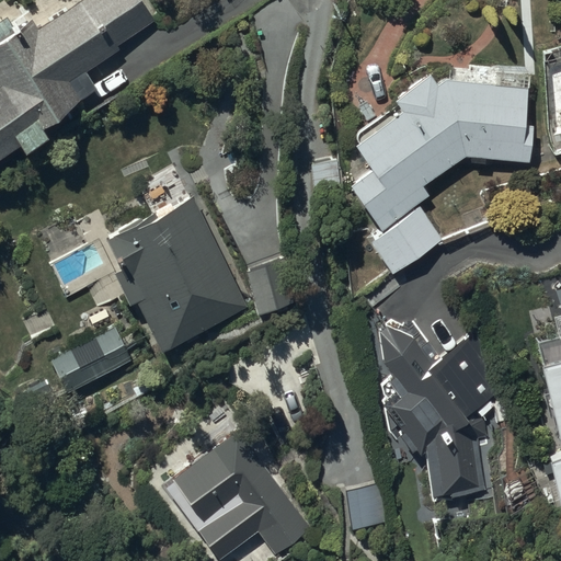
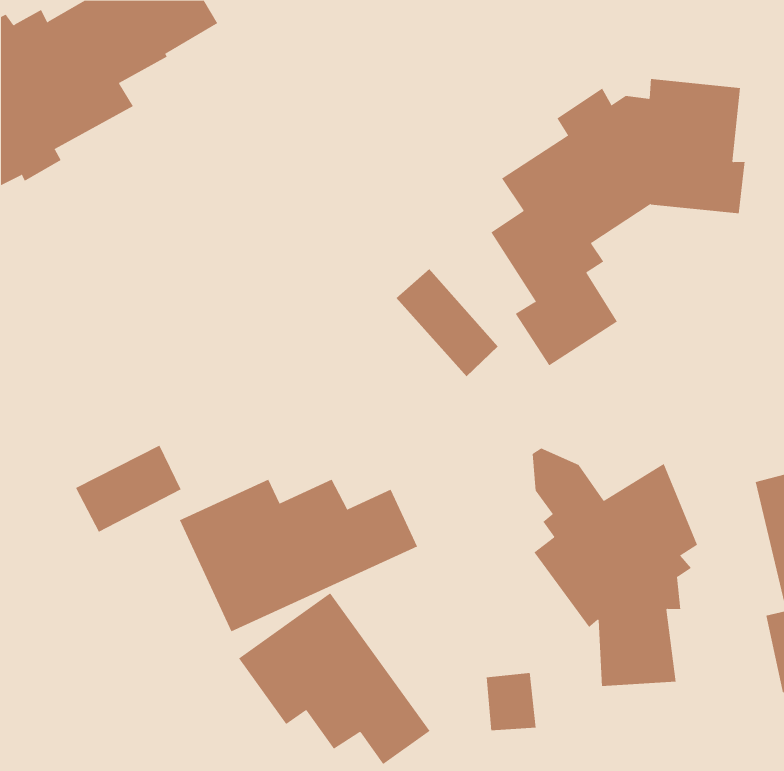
building: [106,192,247,348] -> none
building: none -> [395,268,499,377]
building: none -> [179,479,418,632]

